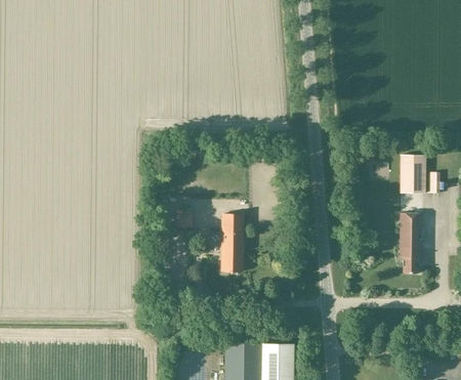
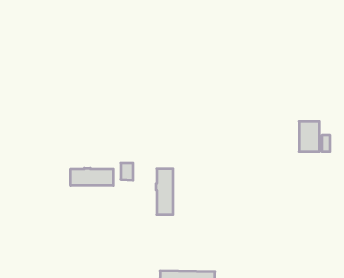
building: [400,212,421,273] -> none
building: none -> [71,168,113,186]

